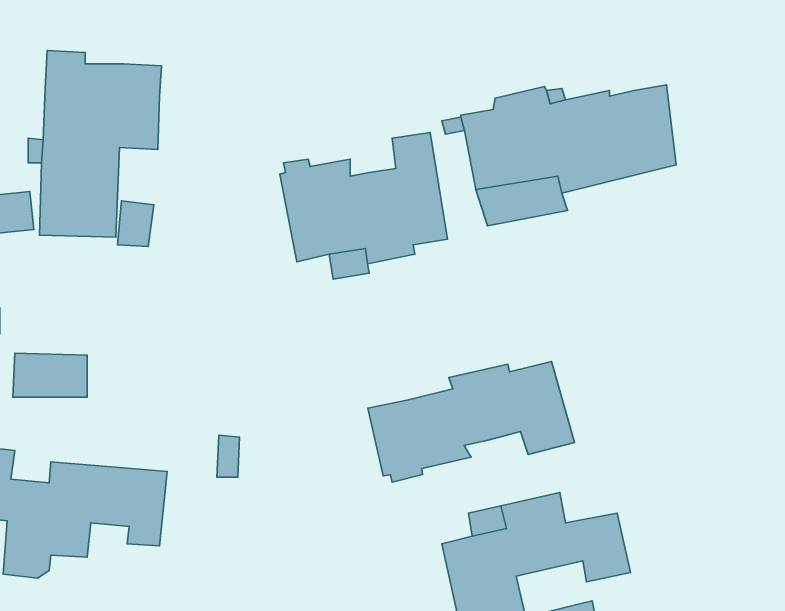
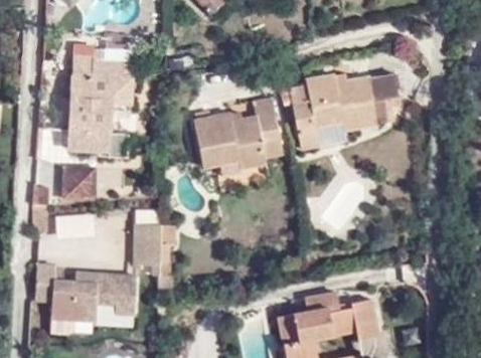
building: none -> [62,172,93,204]
building: [368,361,575,482] -> none
building: none -> [134,220,156,267]

